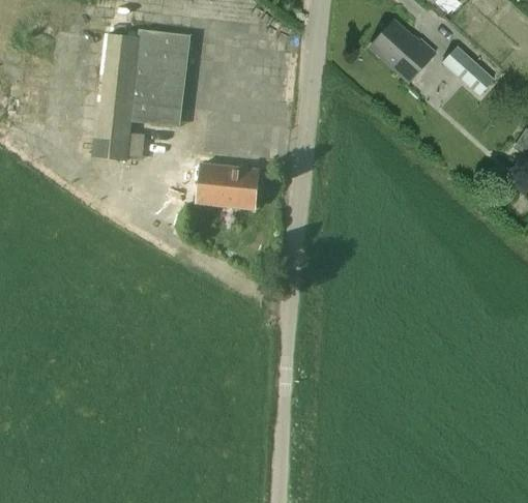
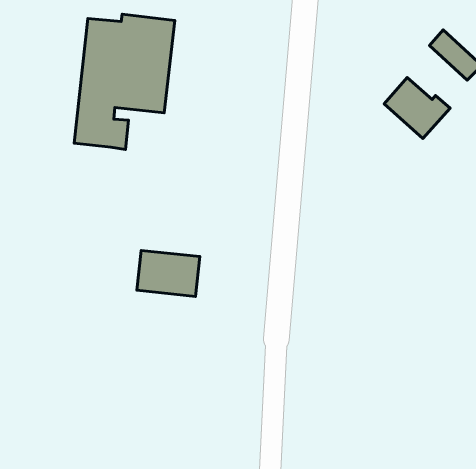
building: [371,21,436,81] -> [384,78,450,138]
building: [197,164,259,209] -> [137,250,200,296]

